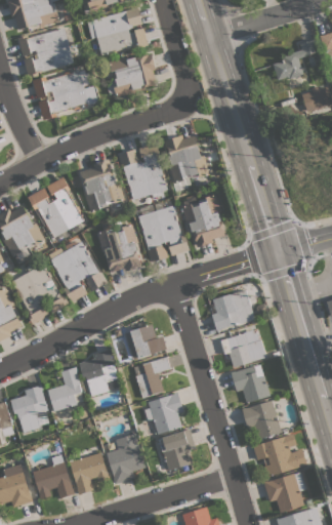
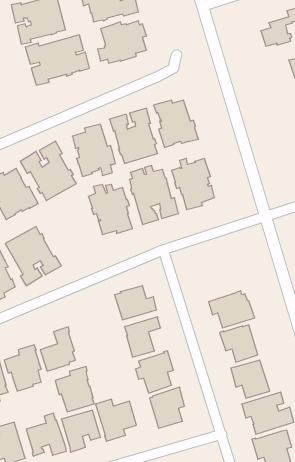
building: [48,241,106,302] -> none
building: [211,290,254,331] -> none
building: [79,350,119,396] -> [55,367,94,412]

